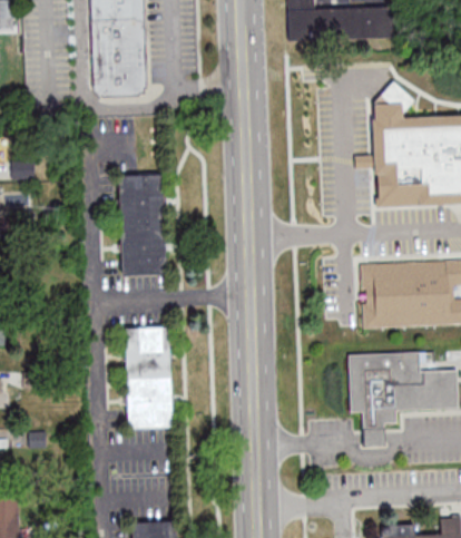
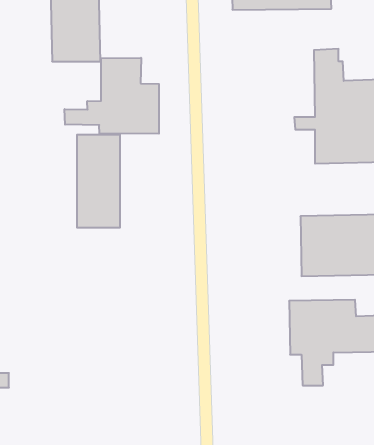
building: none -> [65,58,159,134]
building: [126,327,173,428] -> none

